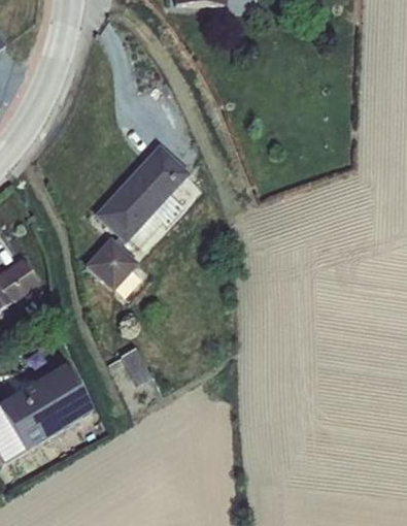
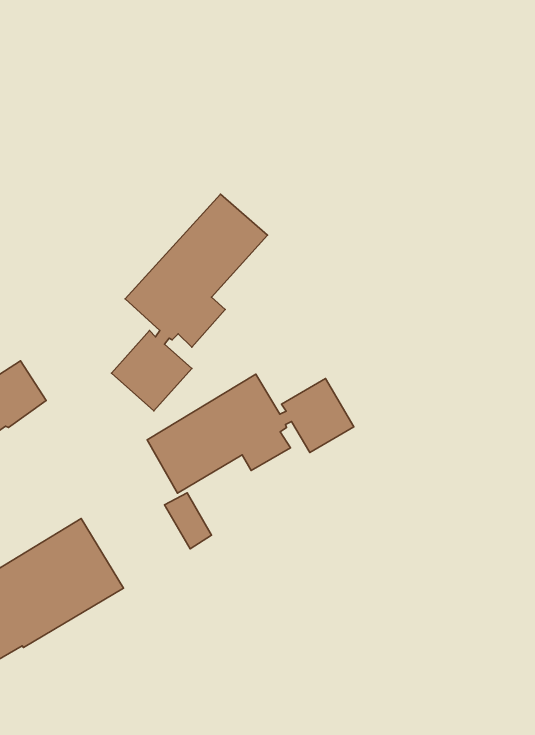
building: none -> [147,374,354,493]

